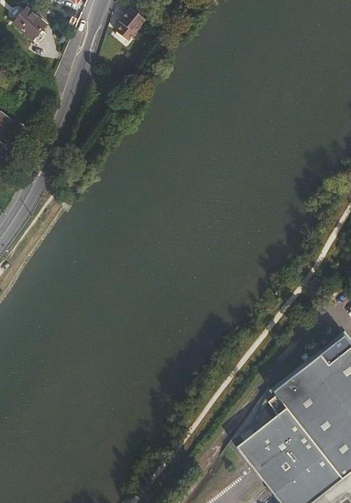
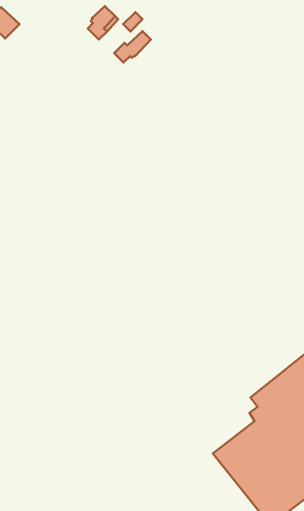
building: none -> [114,31,151,63]

